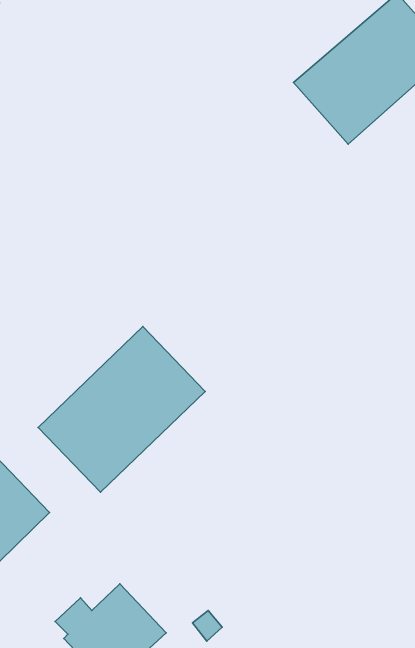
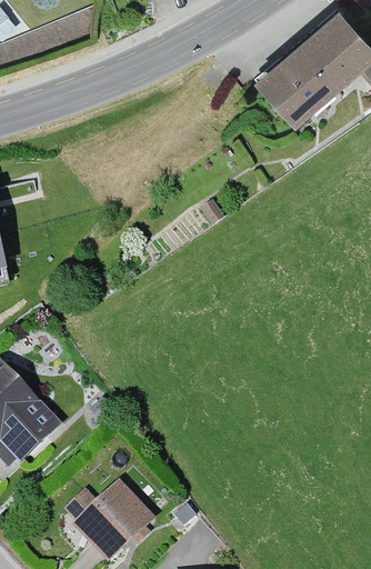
building: [38,327,205,492] -> none

